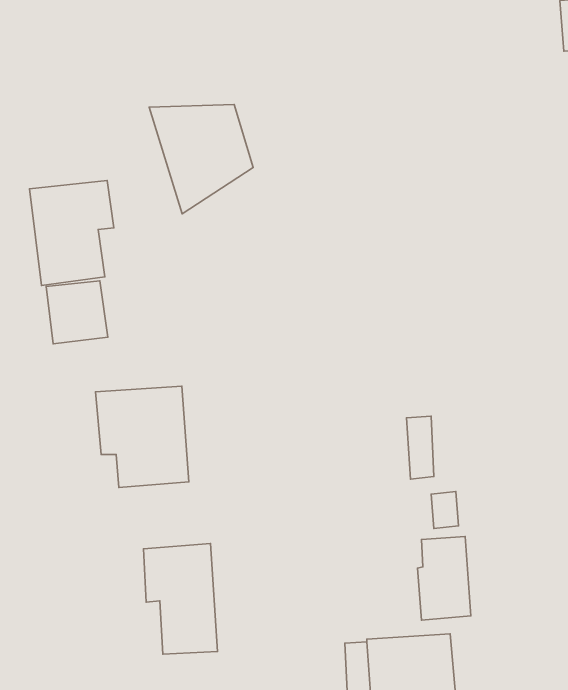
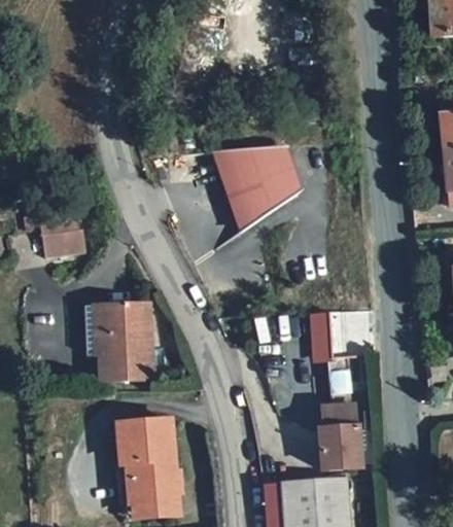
building: [149,105,253,214] -> [214,146,292,229]
building: [30,180,114,285] -> none
building: none -> [118,458,174,516]

